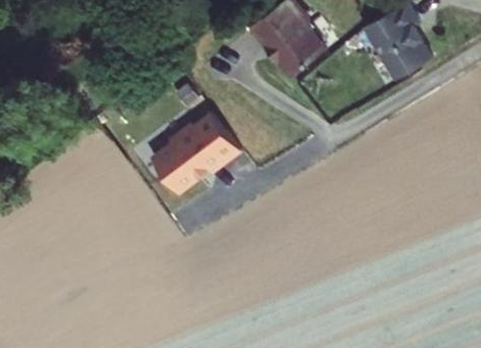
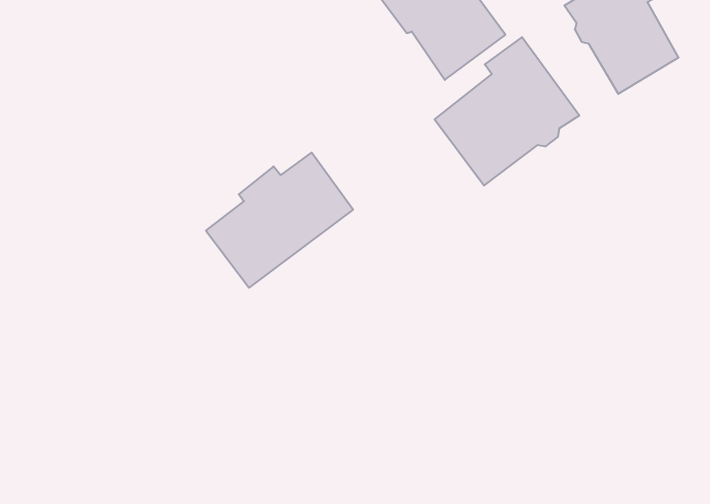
building: none -> [435,37,579,186]

